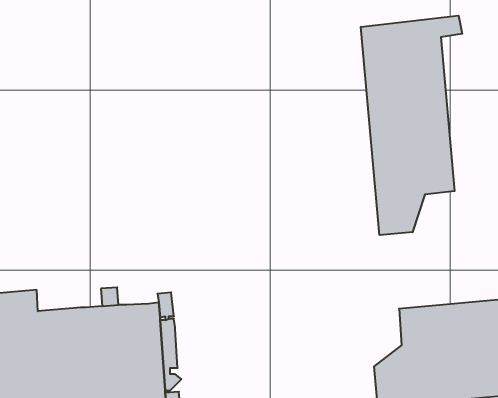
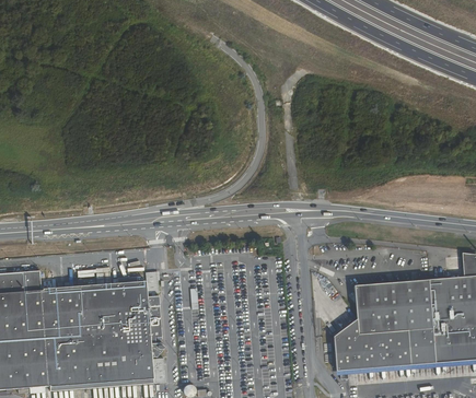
building: [361,16,462,235] -> none

